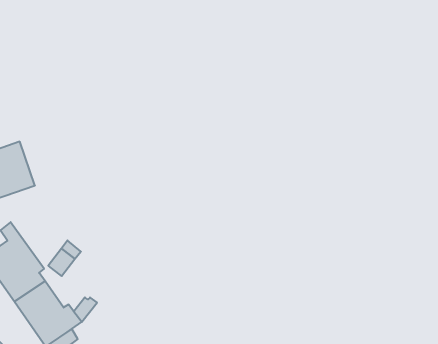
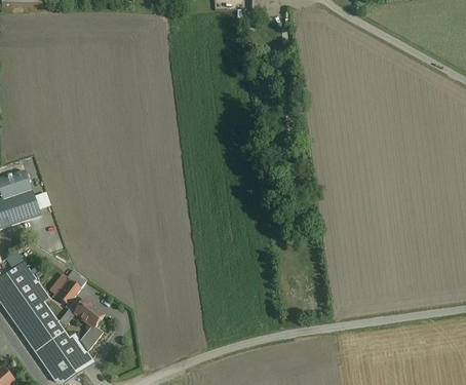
building: none -> [73,298,105,328]

